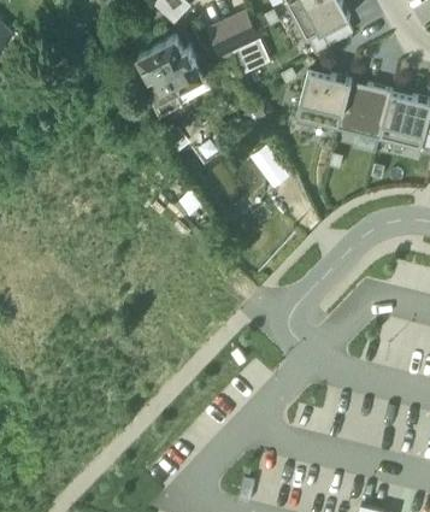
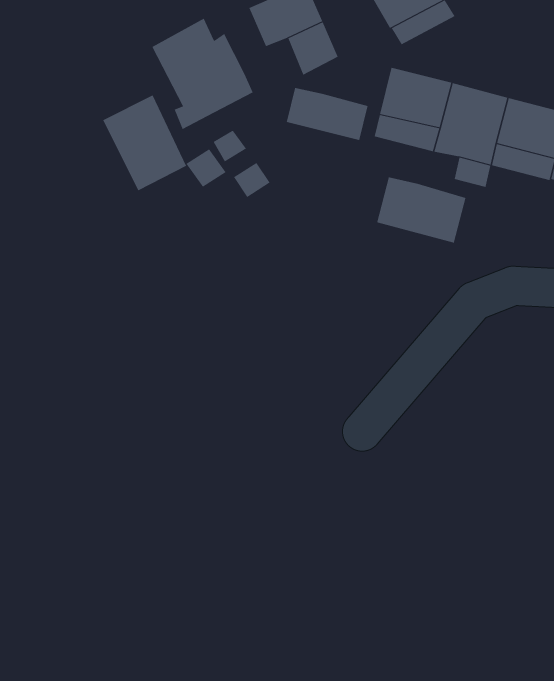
building: none -> [286,87,368,141]
building: none -> [102,95,187,191]
building: none -> [376,177,466,244]

